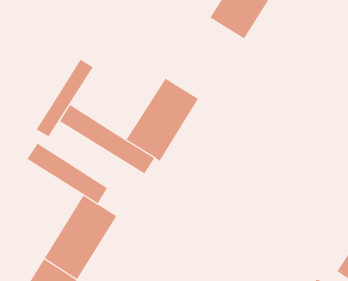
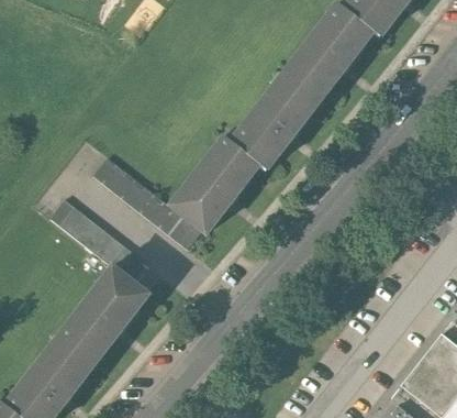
building: none -> [227,72,320,172]
building: [36,59,93,137] -> none

